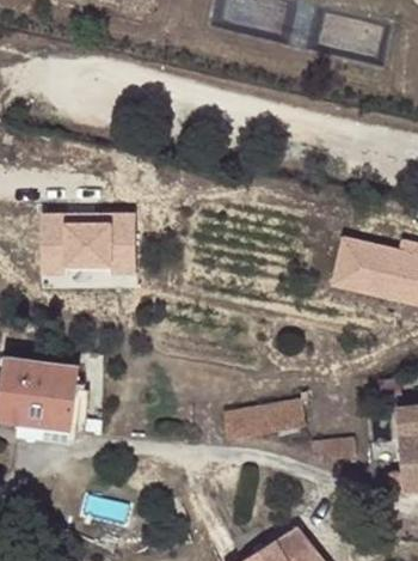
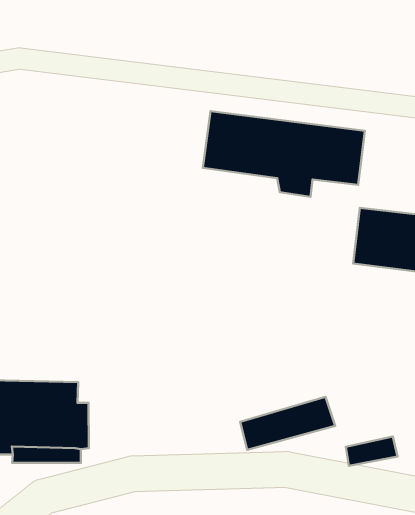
building: none -> [203,111,365,197]
building: [39,211,133,274] -> none

